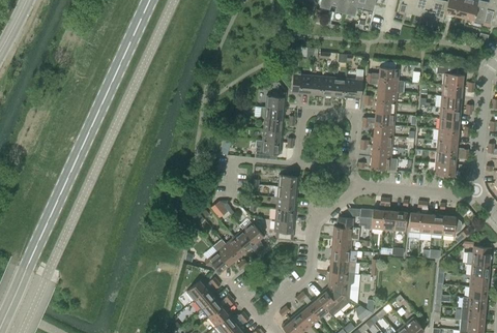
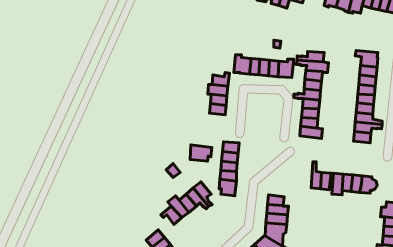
building: [255,140,281,159] -> [190,145,212,161]
building: [360,198,385,232] -> none
building: [332,217,359,240] -> none

